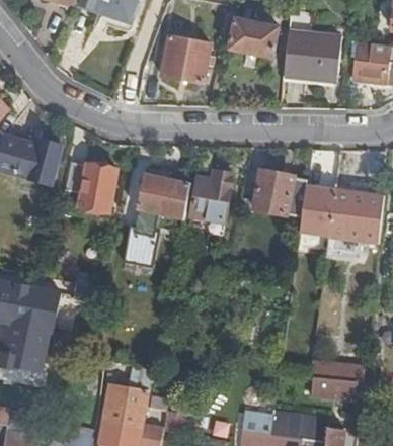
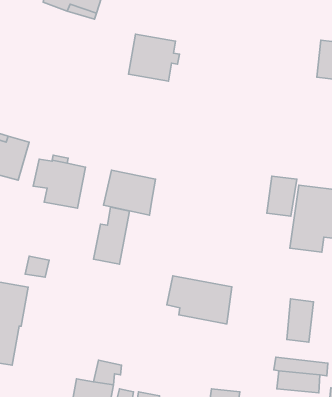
building: [219,14,279,58] -> none
building: [284,31,341,79] -> none
building: [241,168,307,216] -> [167,276,232,324]
building: [185,169,232,221] -> none
building: none -> [287,299,314,342]

